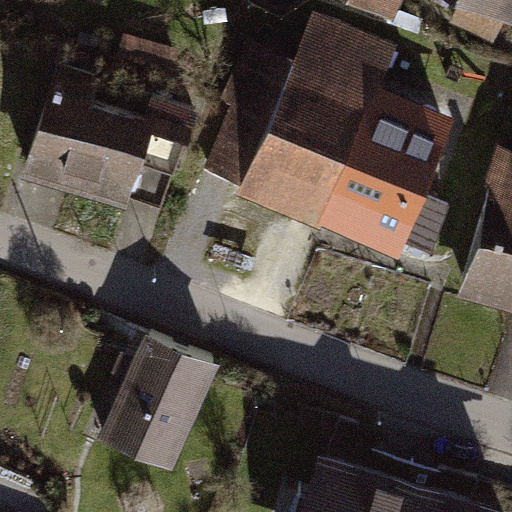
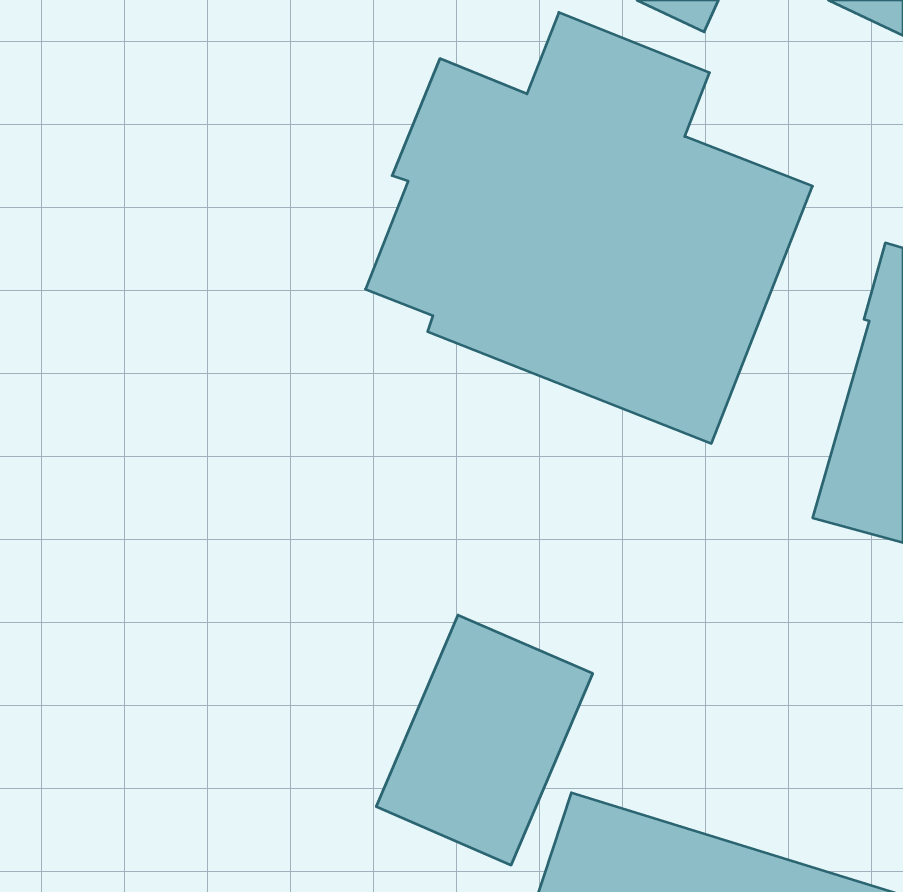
building: [21,65,200,213] -> none
building: [99,333,221,474] -> [376,615,593,865]

